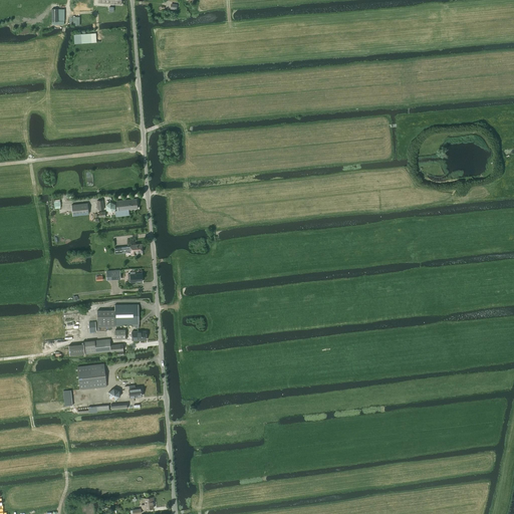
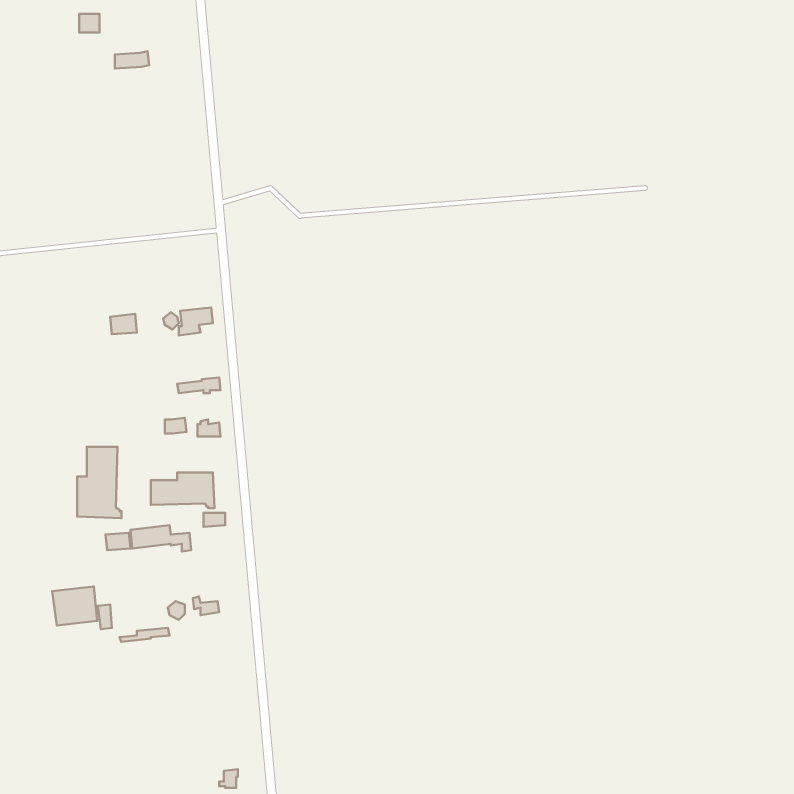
building: none -> [77,447,121,518]
building: [77,364,106,390] -> [52,587,97,625]

